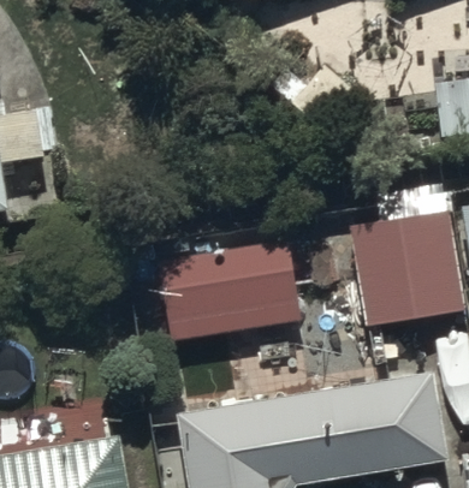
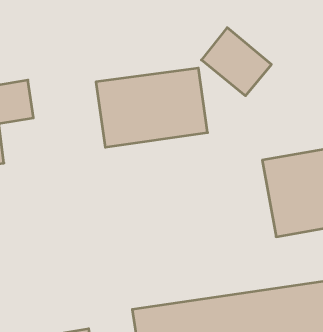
building: [155,228,301,332] -> [96,68,208,147]

